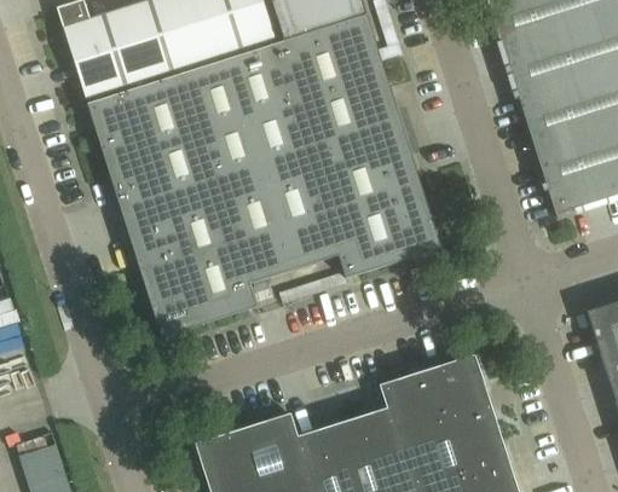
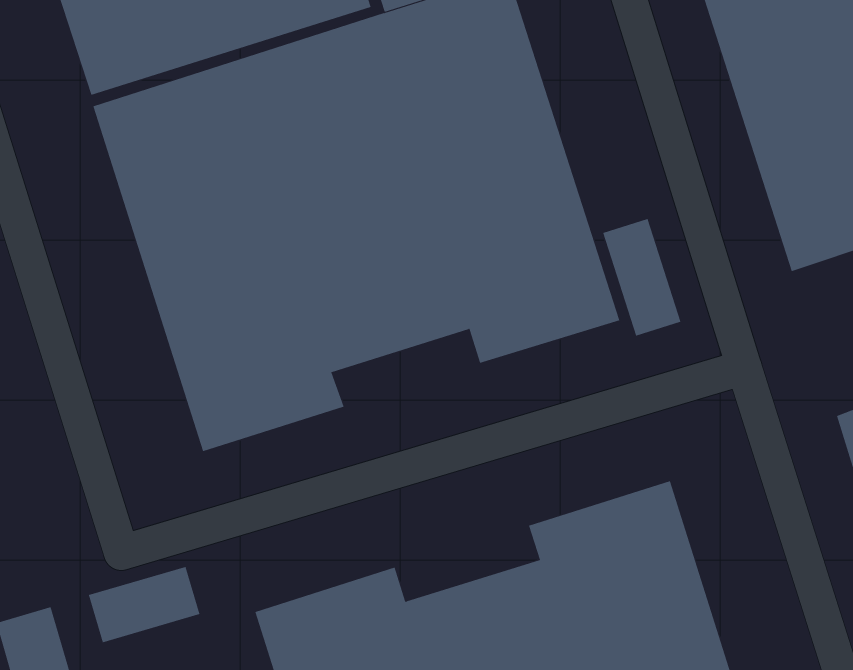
building: none -> [603,218,681,337]
building: none -> [88,566,200,643]

